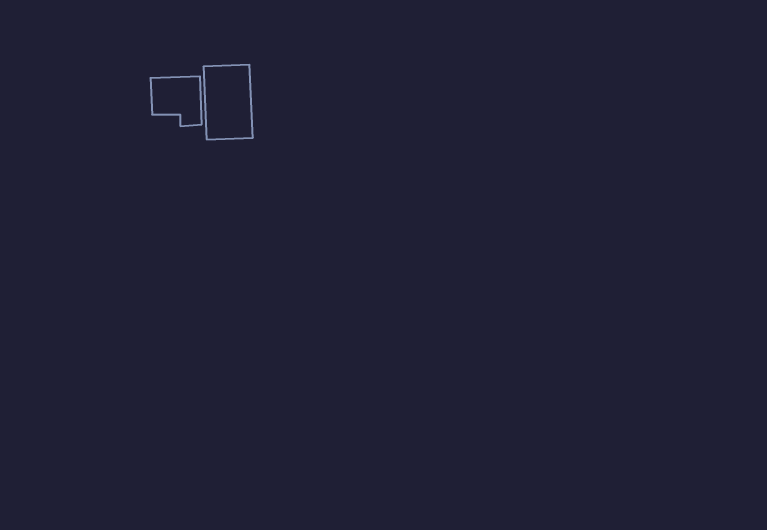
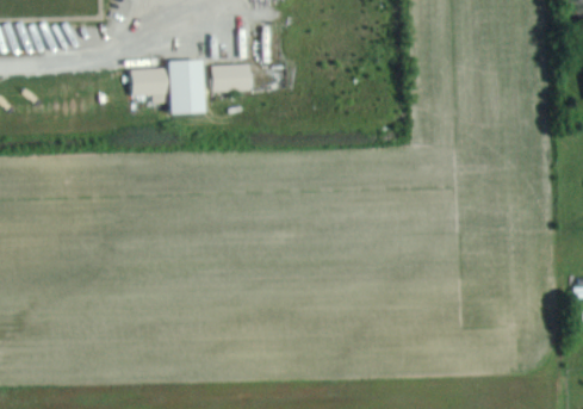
building: none -> [213,64,254,92]

